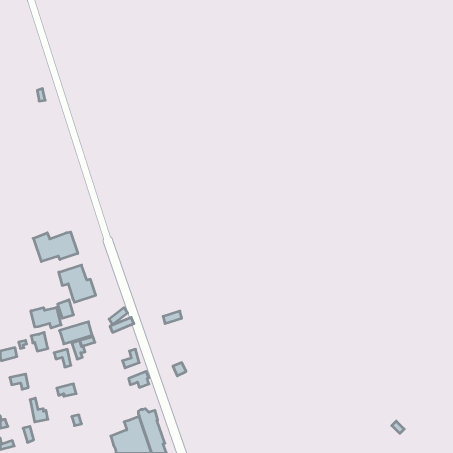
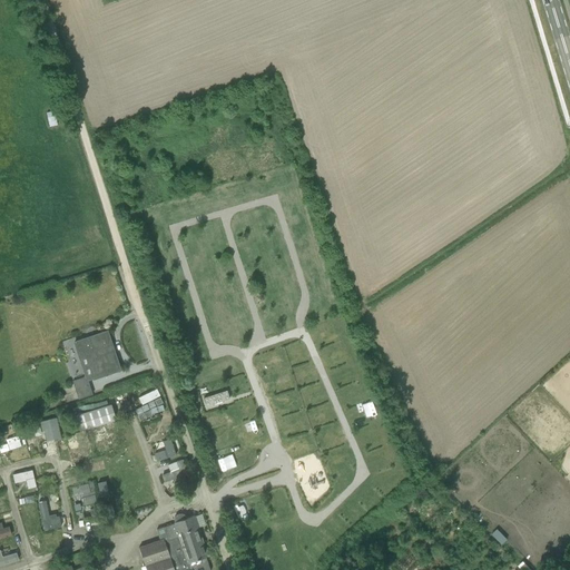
building: [33,232,78,262] -> none
building: [31,307,61,328] -> none

